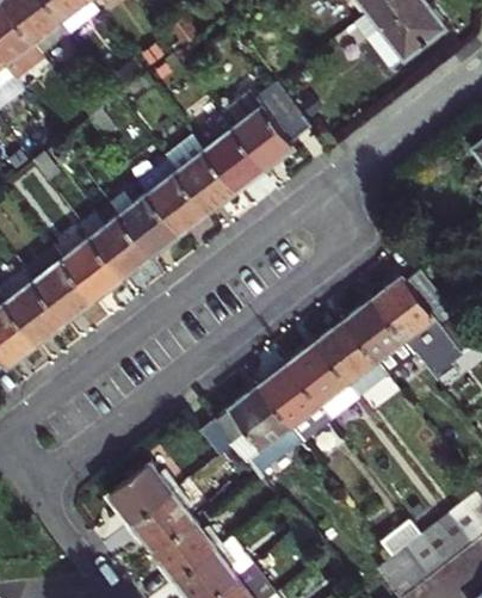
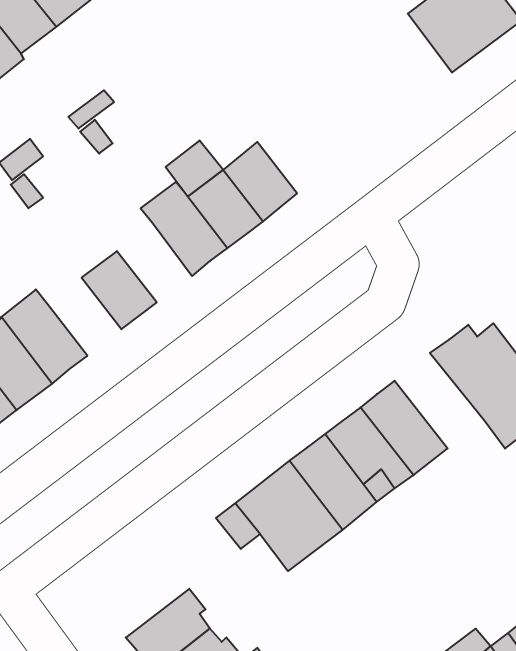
building: [221,82,310,168] -> none
building: [110,192,179,257] -> none
building: [62,236,122,300] -> none
building: [342,297,415,375] -> none
building: [109,462,177,528] -> none

